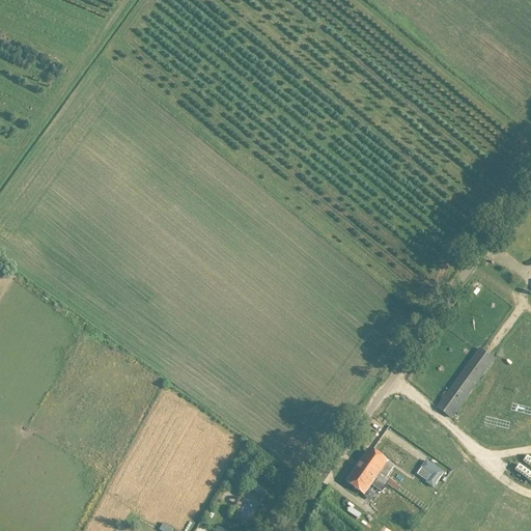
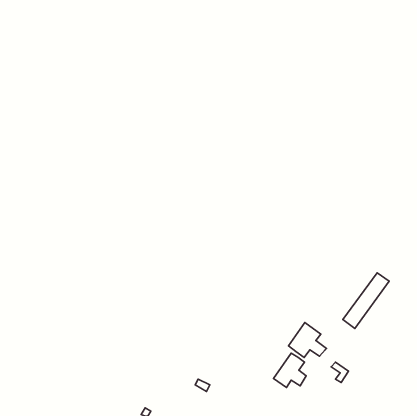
building: none -> [288,322,326,357]

